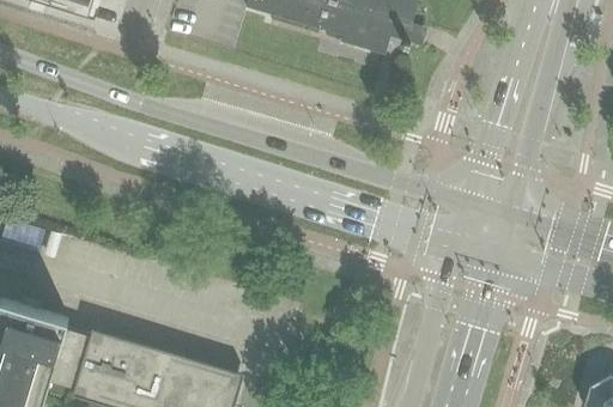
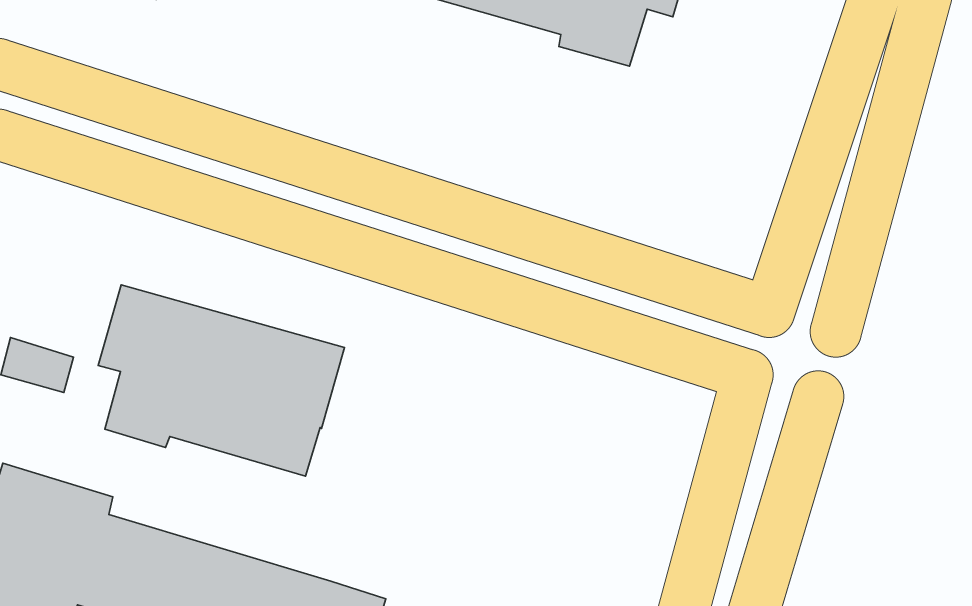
building: none -> [98,285,345,476]

